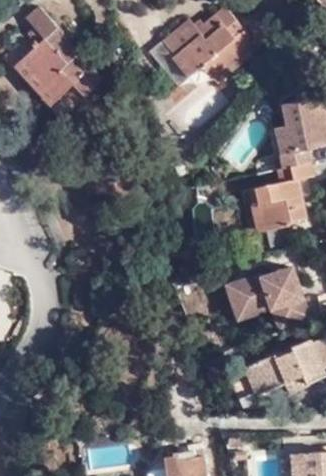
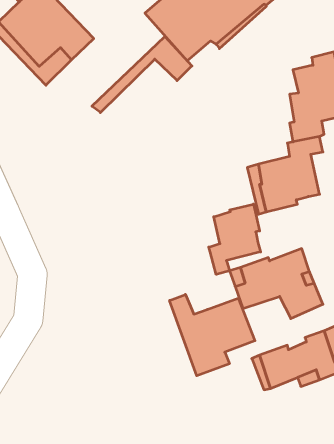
building: none -> [92,37,192,113]
building: none -> [209,204,261,274]
building: none -> [170,294,255,376]

